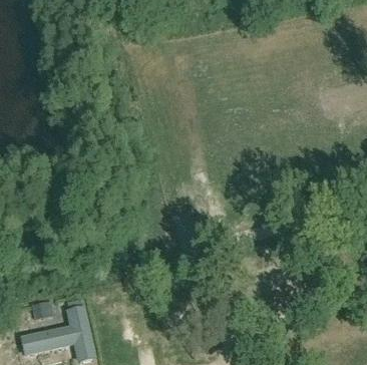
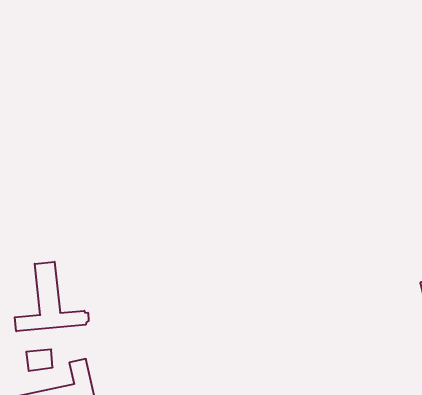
building: none -> [15,262,89,331]

